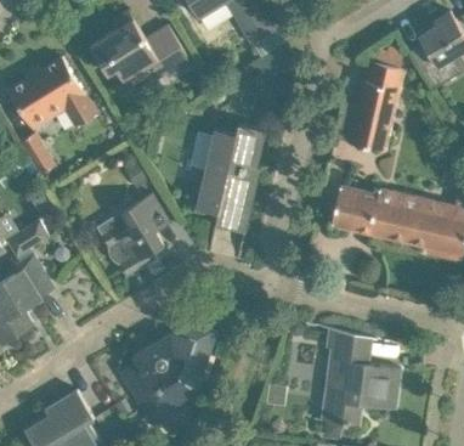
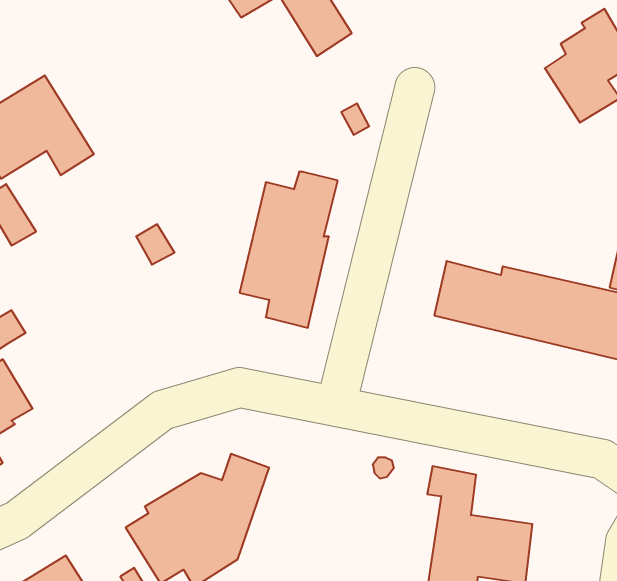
building: [90,11,191,83] -> none
building: [350,55,402,151] -> none
building: [96,192,170,277] -> none

